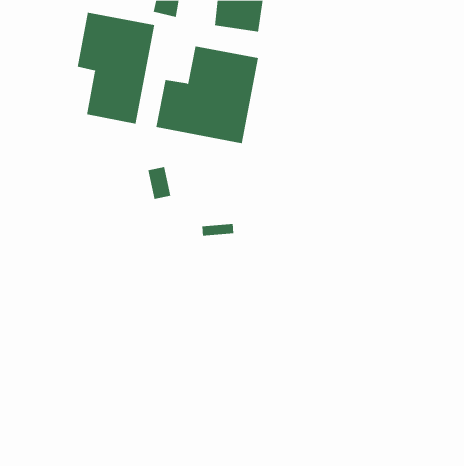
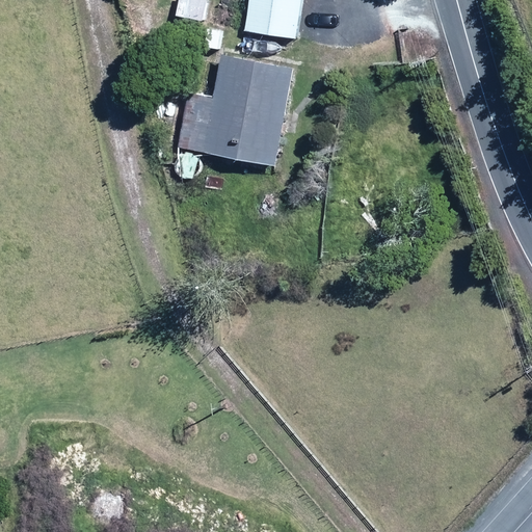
building: [77,12,155,124] -> none

